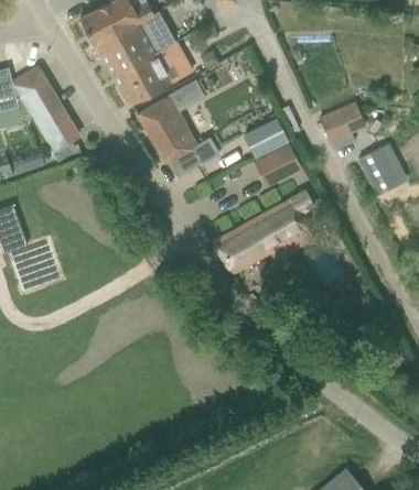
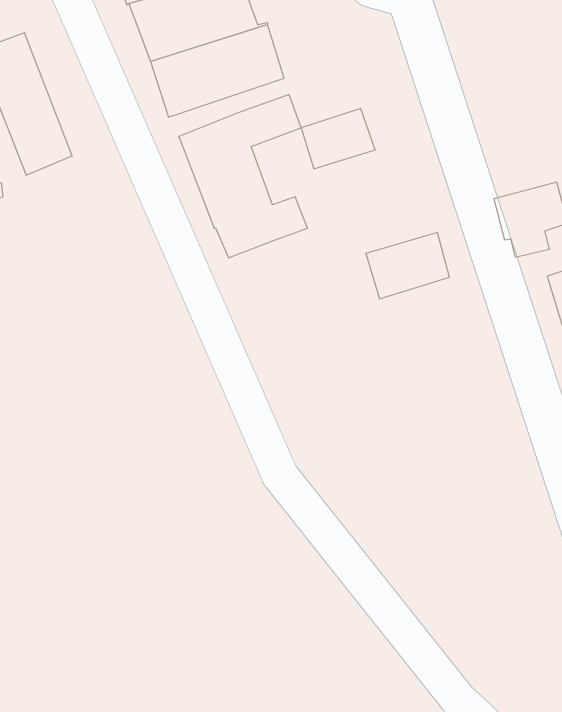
building: [245,120,289,159] -> [301,108,375,169]
building: [212,186,310,273] -> none

